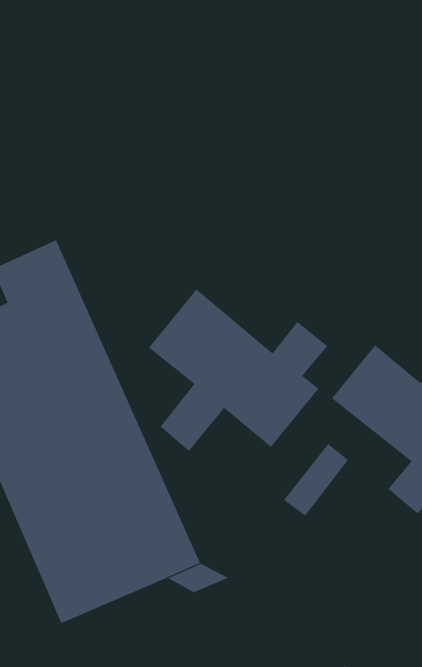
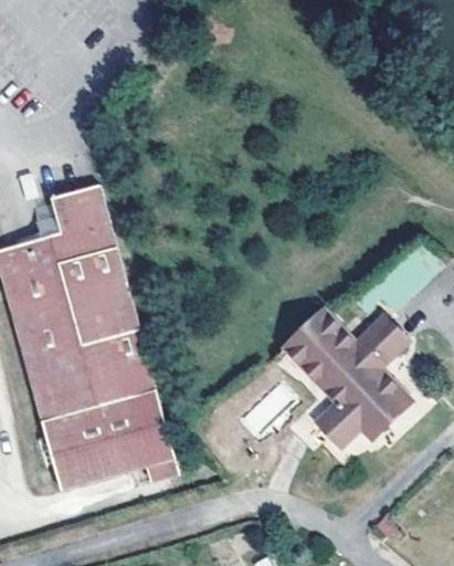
building: [148,289,328,452] -> none

